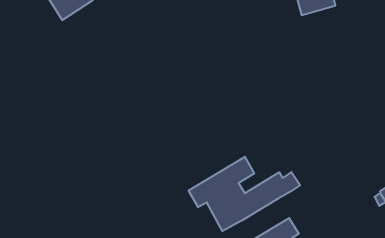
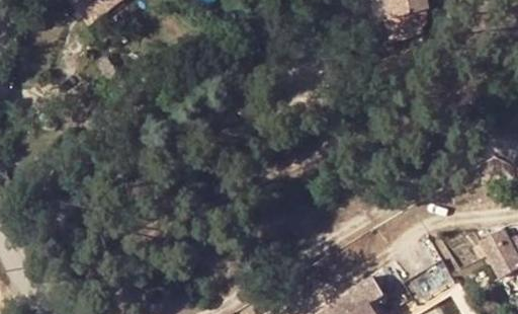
building: [189,157,300,231] -> none

